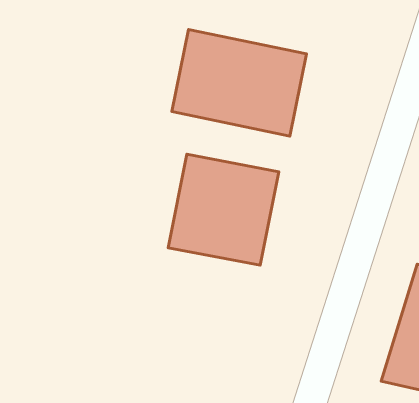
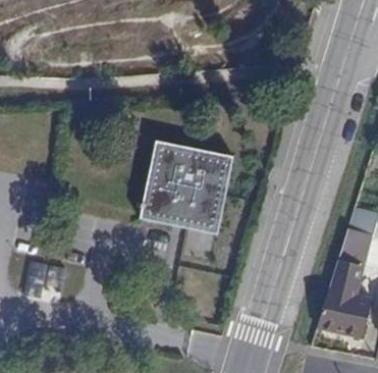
building: [172,29,306,136] -> none

